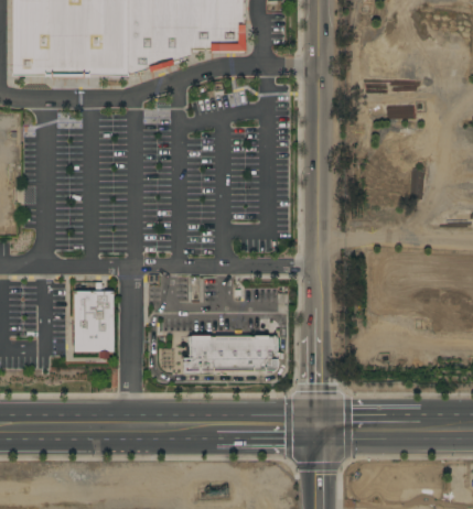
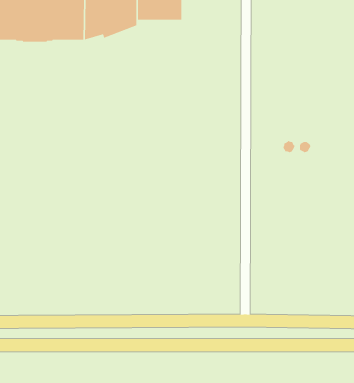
building: [69,288,111,350] -> none
building: [180,333,273,370] -> none

